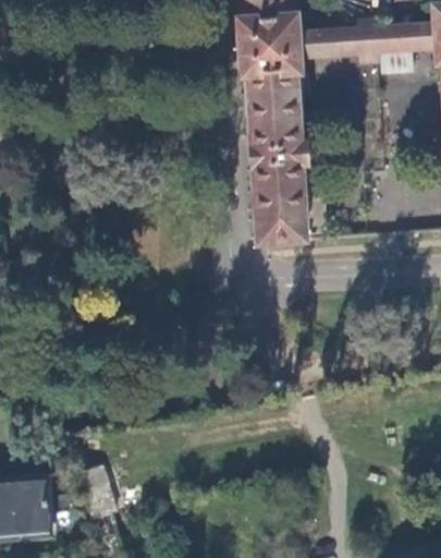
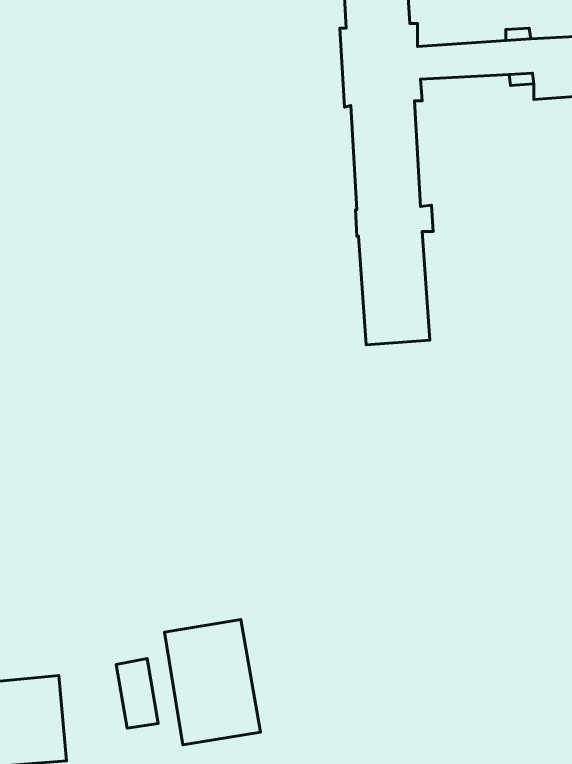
building: none -> [164,620,261,745]

